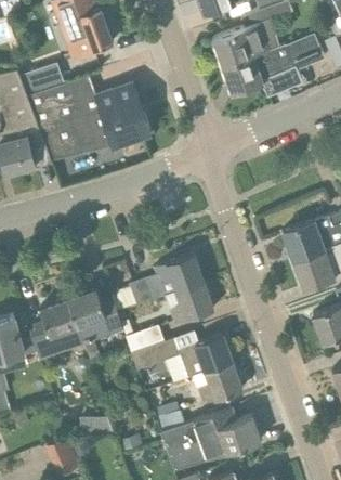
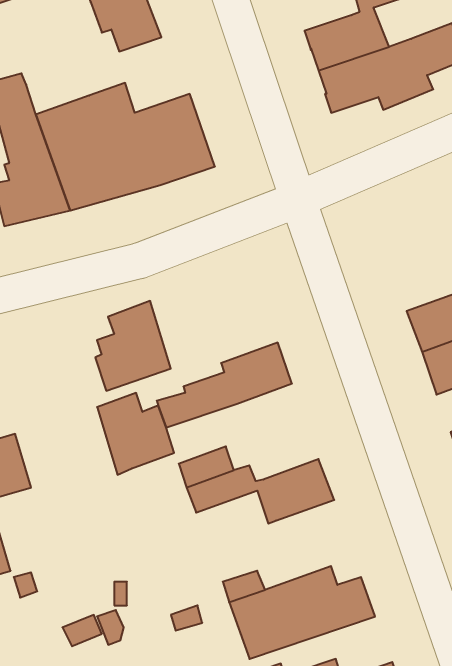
building: [21,63,64,96] -> none
building: [166,282,213,324] -> none
building: [31,298,83,360] -> [95,301,171,391]
building: [193,362,242,404] -> none

